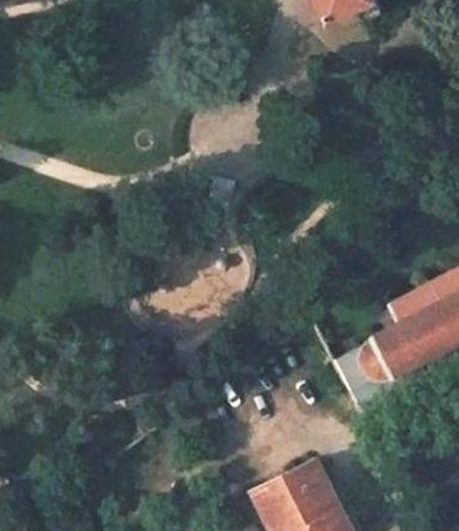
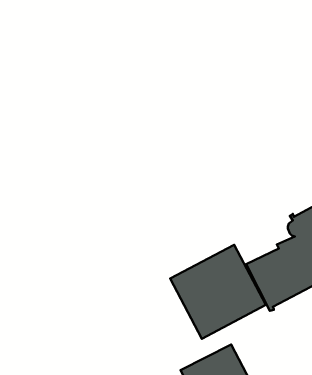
building: none -> [170,245,266,339]

